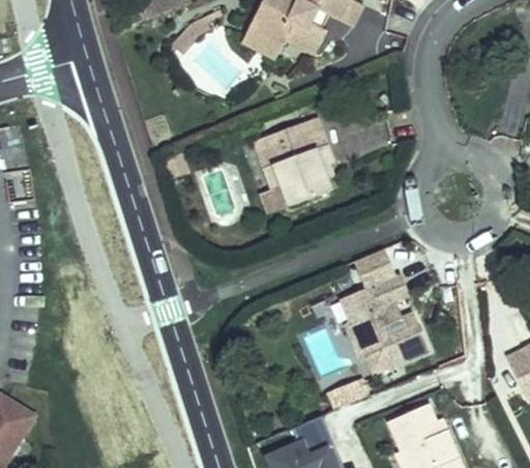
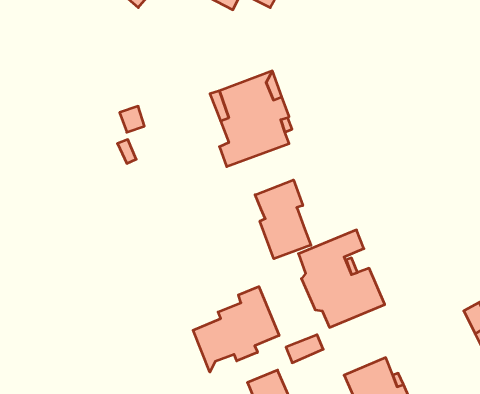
building: none -> [255,180,311,259]
building: none -> [193,287,279,372]

